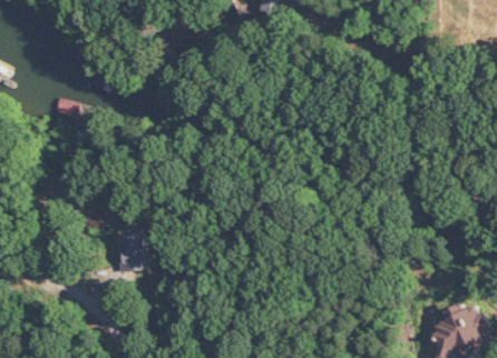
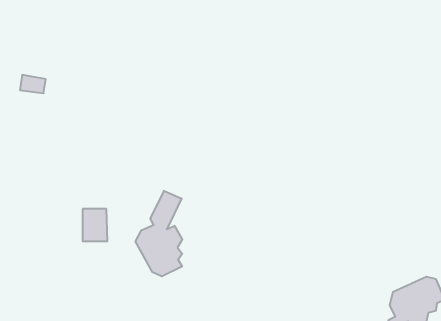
building: none -> [136,191,182,276]

